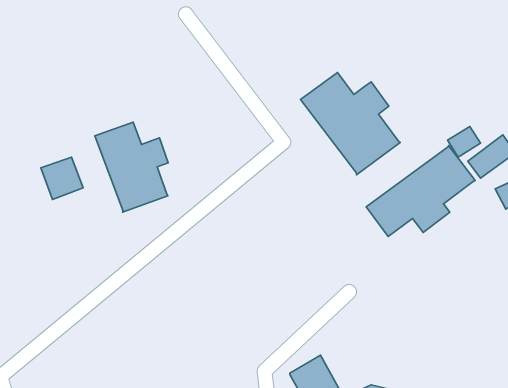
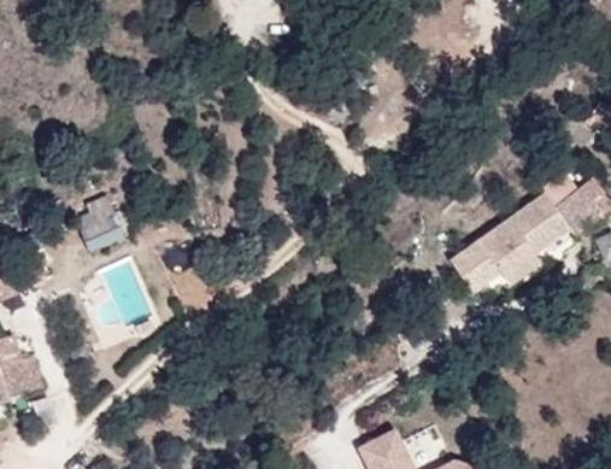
building: [301,72,400,175] -> none
building: [95,122,168,212] -> none

